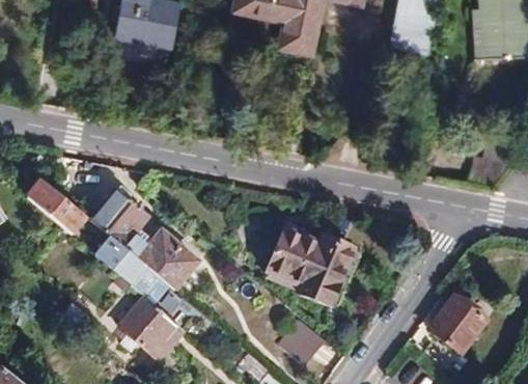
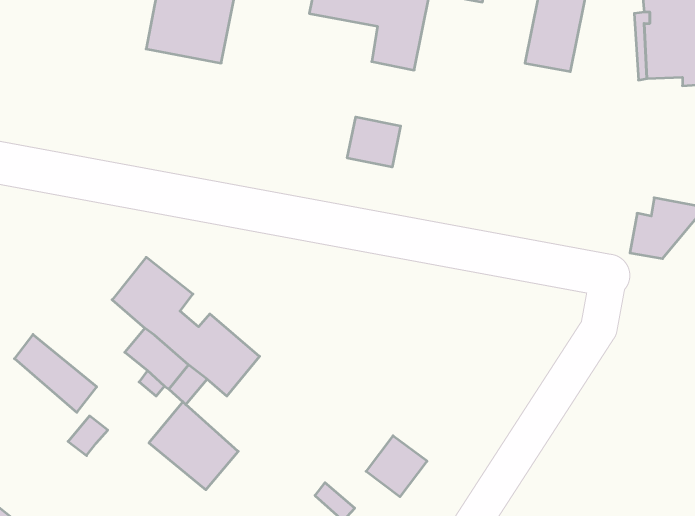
building: none -> [347,117,401,167]
building: [26,179,86,236] -> [14,334,97,412]
building: [266,228,354,308] -> none
building: [427,295,487,355] -> none

